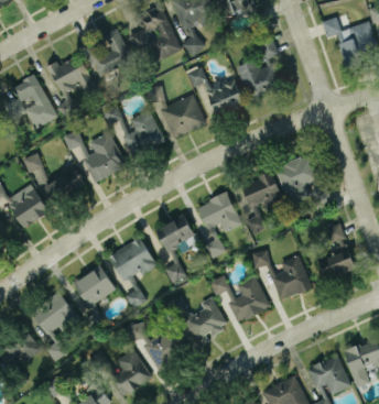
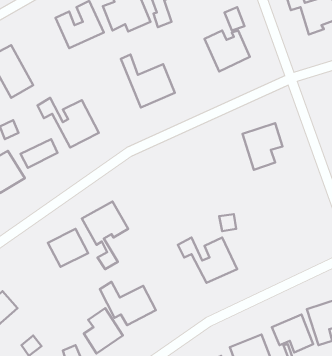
building: [45,54,98,97] -> none
building: [188,66,242,112] -> none
building: [105,103,162,154] -> none
building: [240,172,284,233] -> none
building: [196,192,241,256] -> none
building: [151,215,194,282] -> none
building: [316,222,355,279] -> none
building: [271,254,311,298] -> none
building: [31,292,78,360] -> none
building: [183,296,227,346] -> none

